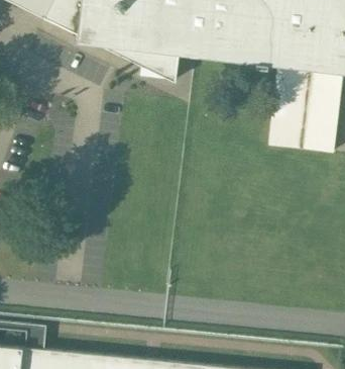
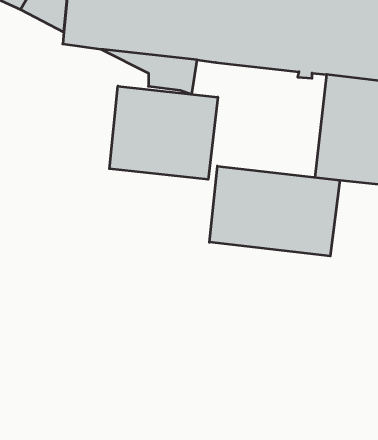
building: none -> [109,86,218,179]
building: none -> [209,166,340,256]

